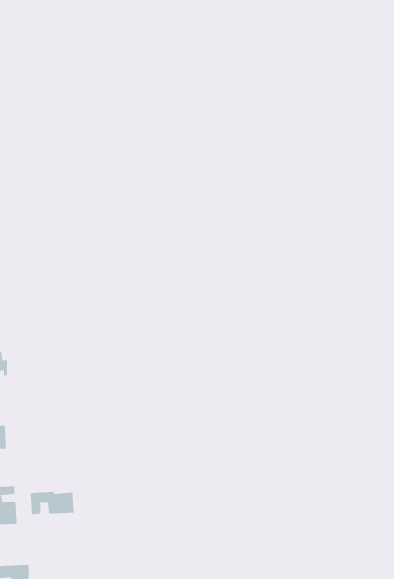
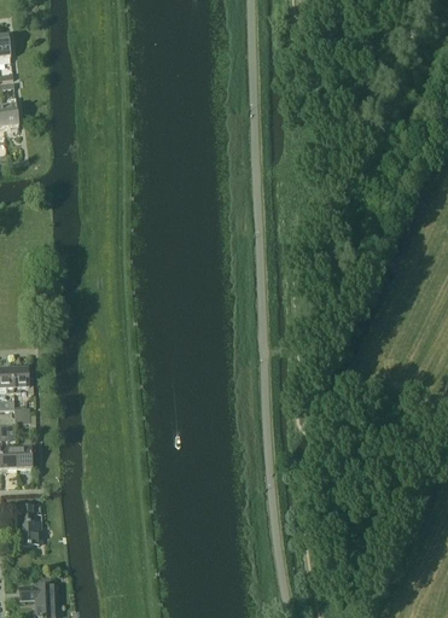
building: [30,491,74,515] -> none

